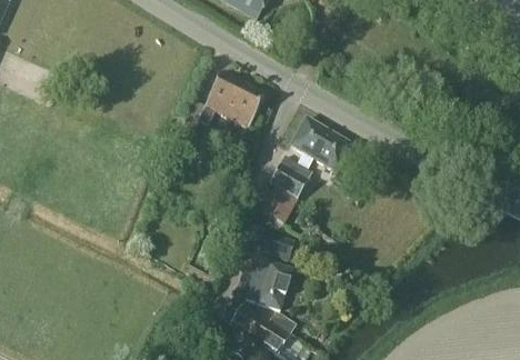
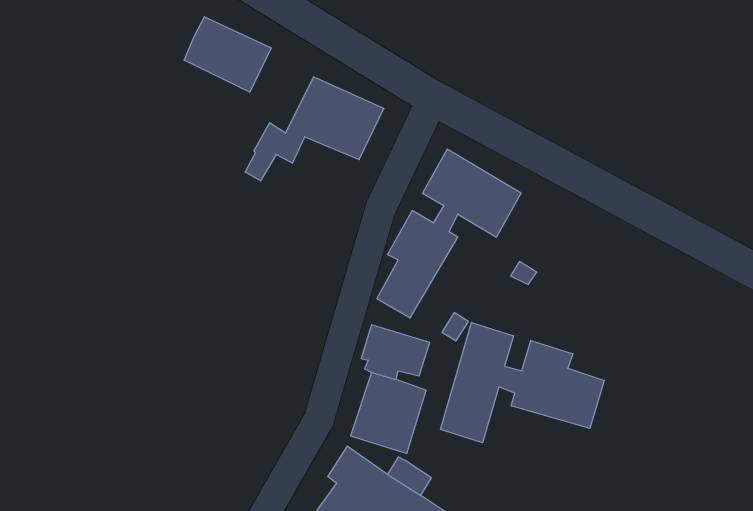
building: none -> [184,17,271,92]
building: none -> [441,322,604,443]

